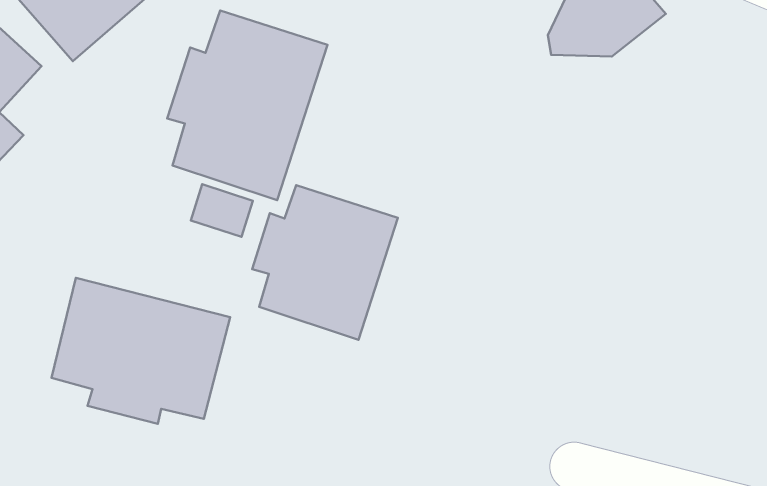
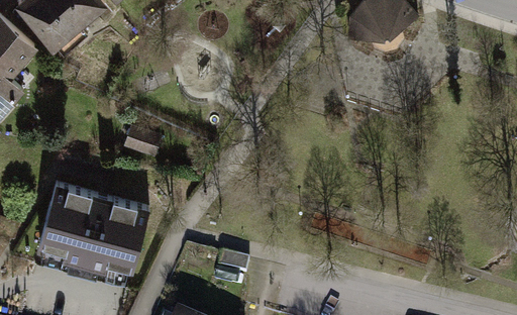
building: [167,11,327,200] -> none
building: [252,185,398,340] -> none

